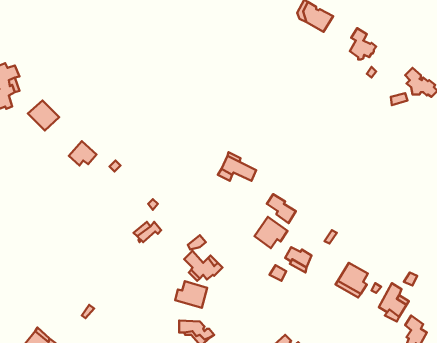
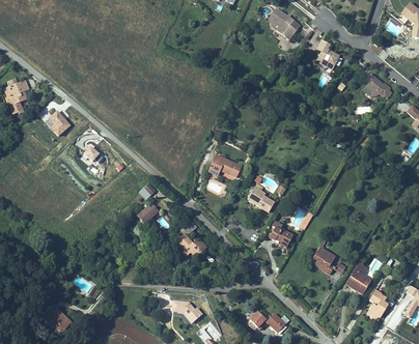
building: [255,217,288,248] -> none
building: [175,281,207,308] -> none

